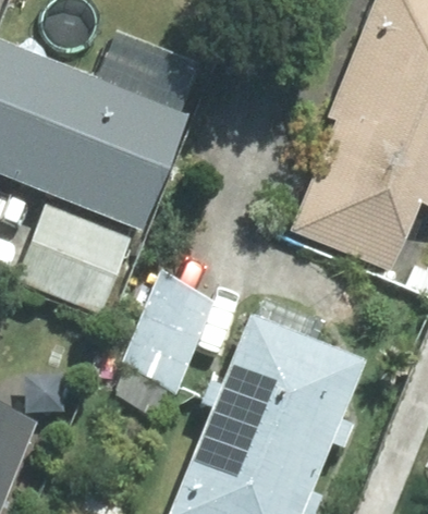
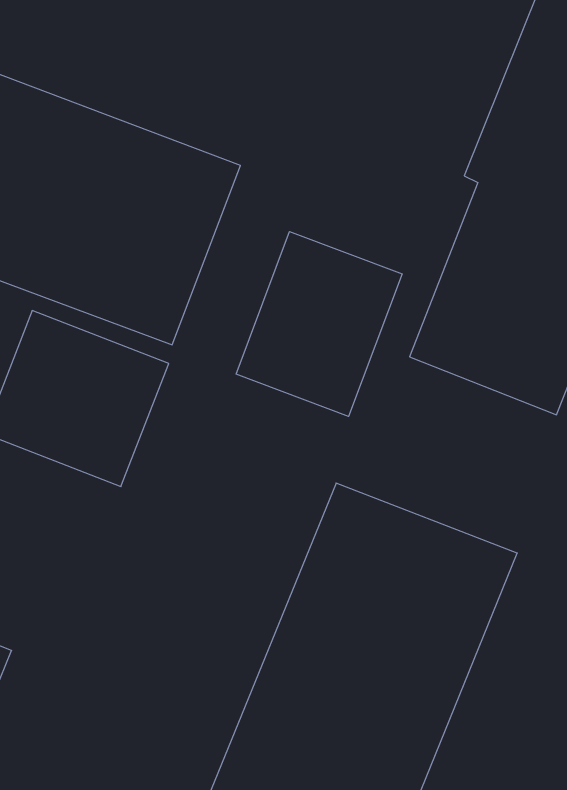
building: none -> [236,232,402,416]
building: [123,267,217,416] -> none

